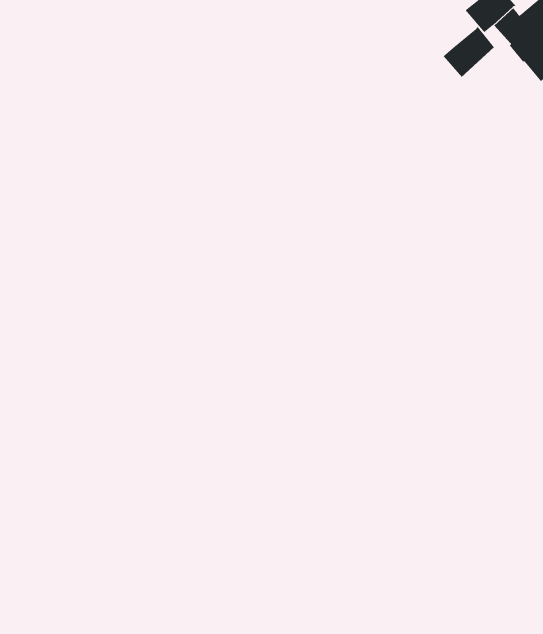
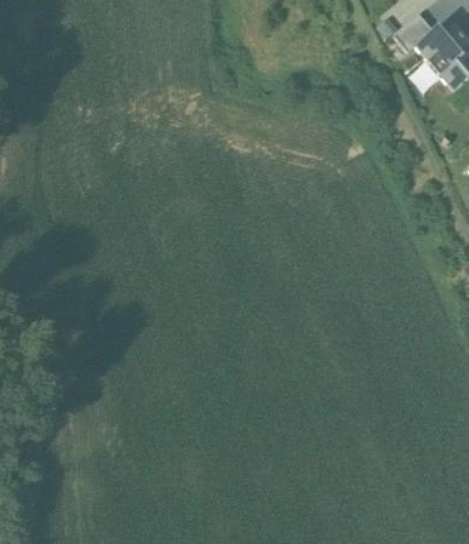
building: [443,26,495,78] -> none

